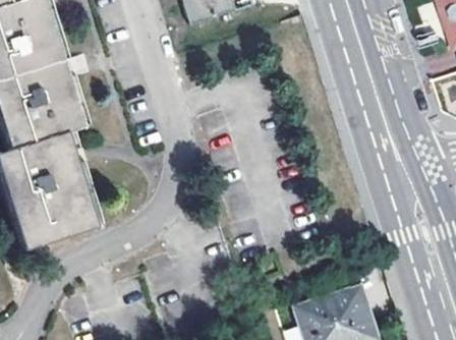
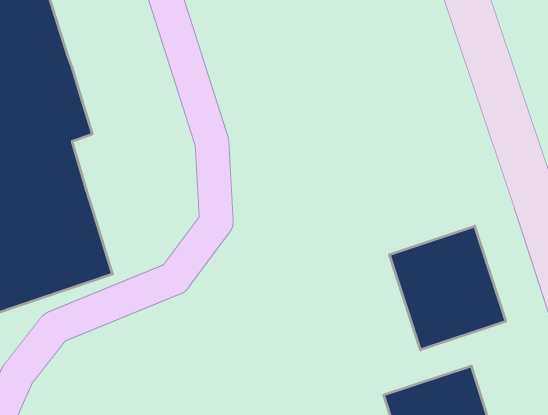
building: none -> [389,226,506,350]

